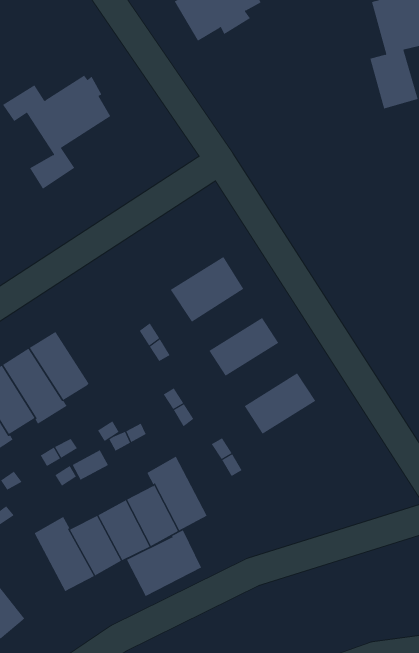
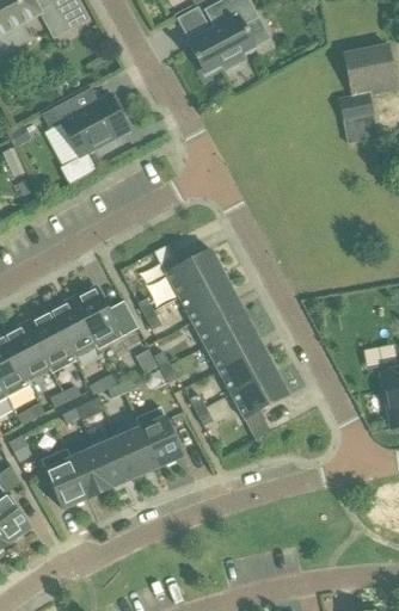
building: none -> [180,276,238,323]
building: none -> [70,285,137,348]
building: none -> [204,321,263,370]
building: none -> [231,370,288,418]
building: [126,529,202,597] -> none

